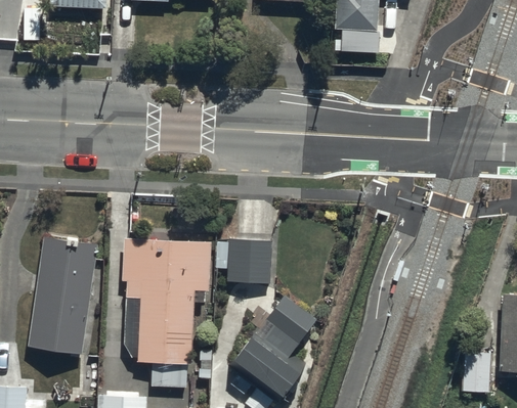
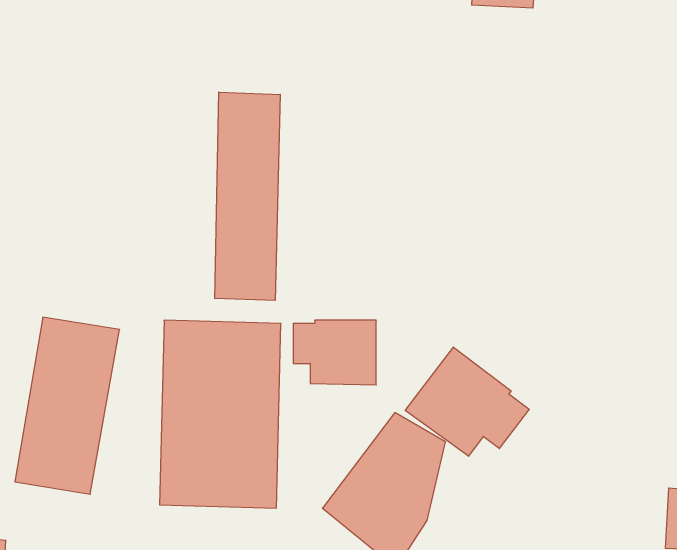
building: none -> [215,92,280,300]
building: none -> [405,347,529,456]

